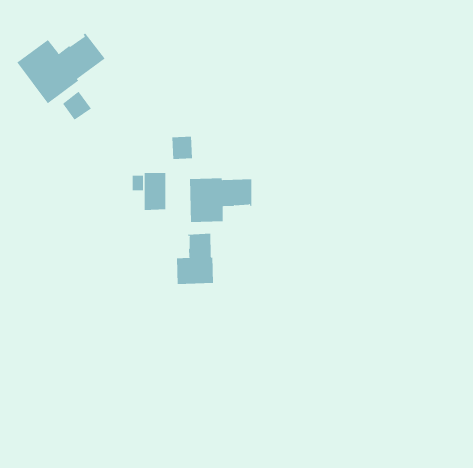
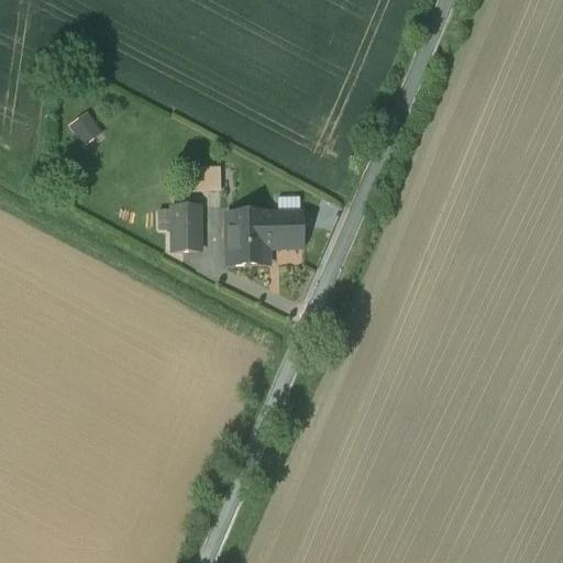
building: [17,33,106,104] -> none
building: [177,233,214,285] -> none

